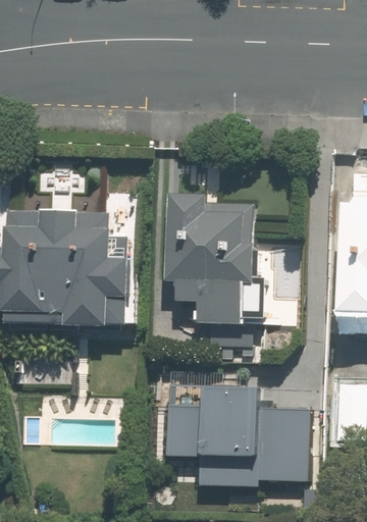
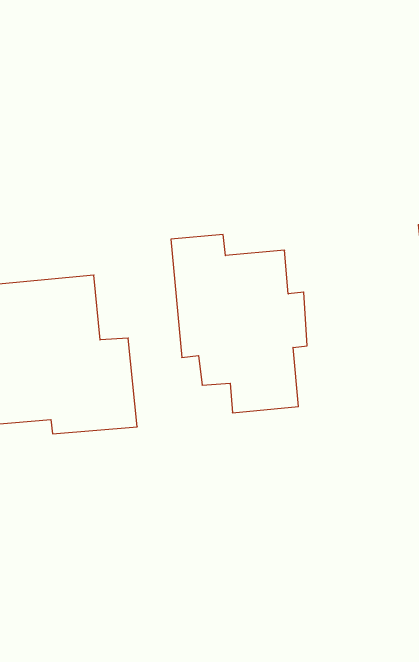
building: [168,388,308,485] -> none

